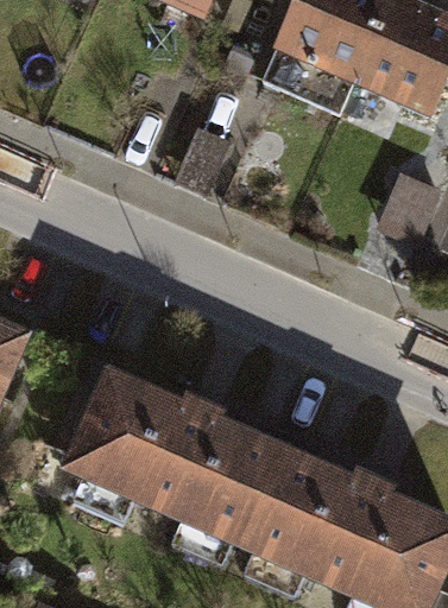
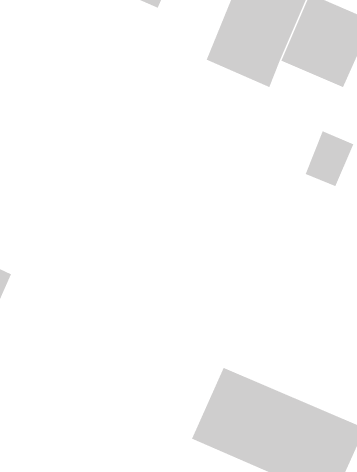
building: [70,379,283,543] -> none

